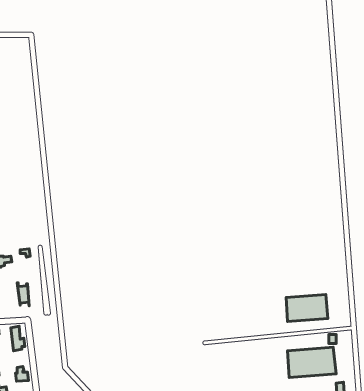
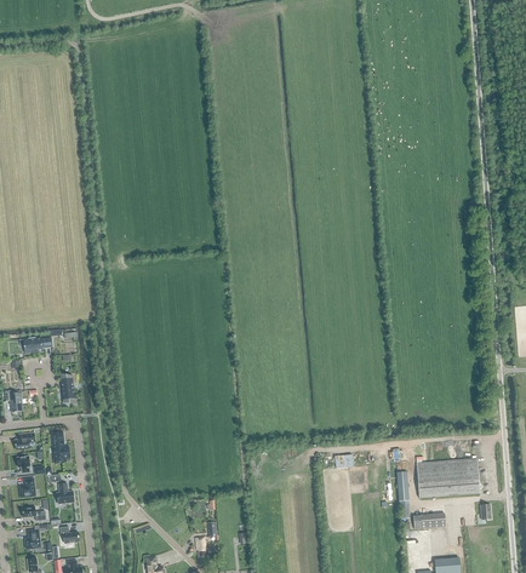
building: [286,294,328,321] -> none

